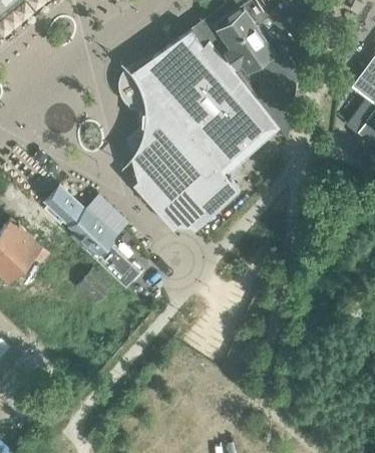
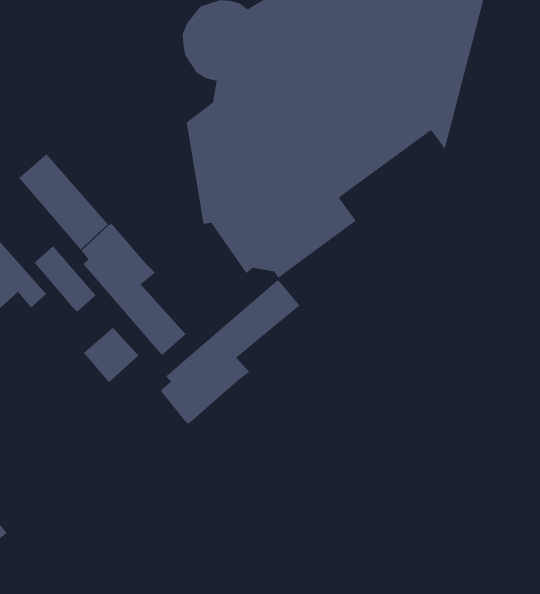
building: [85,194,126,234] -> [34,245,97,312]
building: none -> [160,279,301,425]

